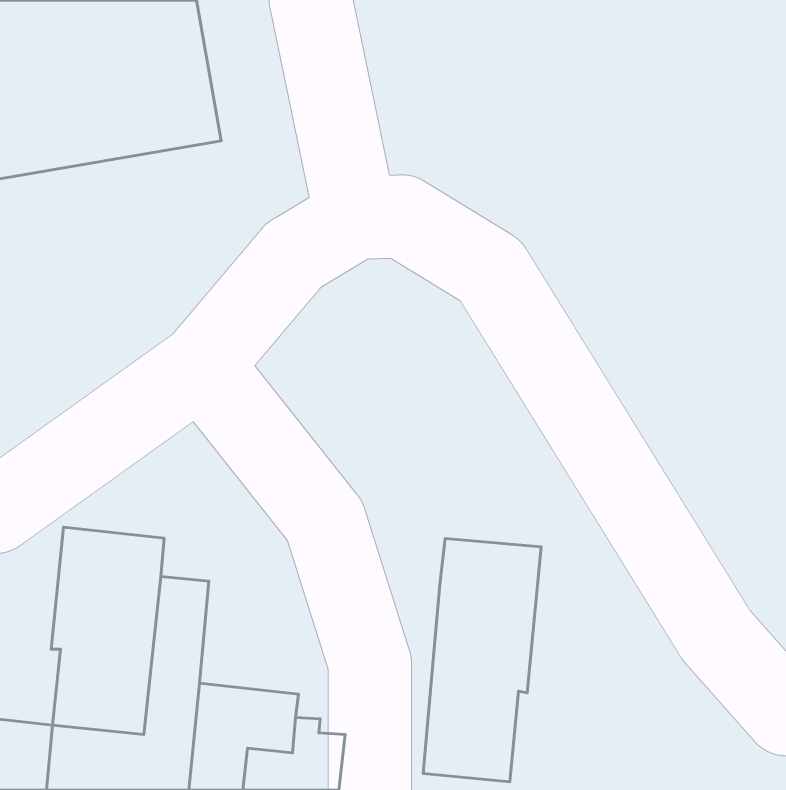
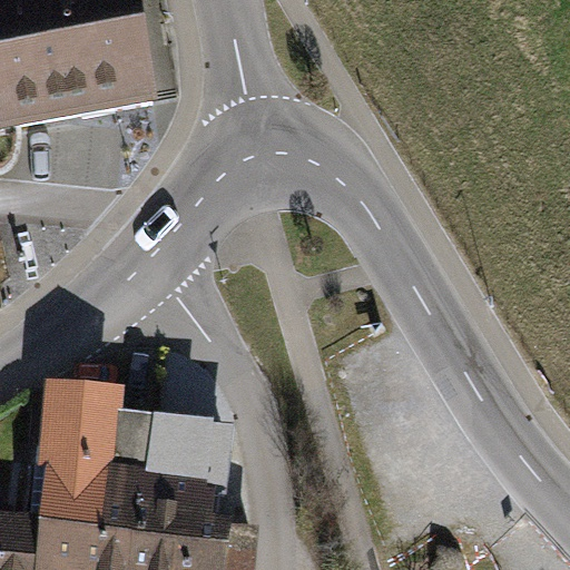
building: [423,538,541,782] -> none
building: none -> [144,419,233,501]

